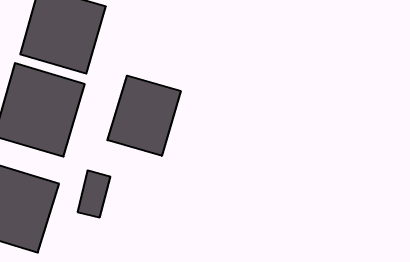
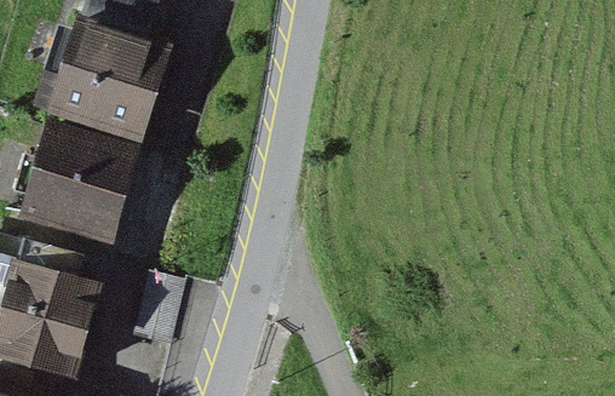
building: [107,76,181,156] -> none

